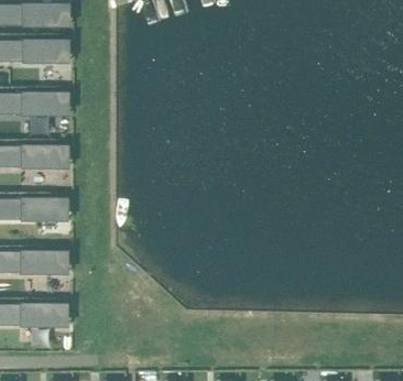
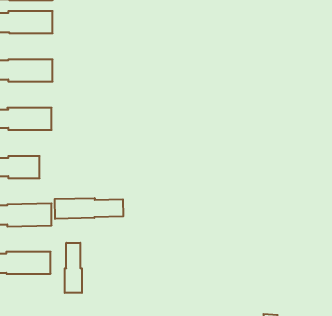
building: none -> [55,198,123,219]
building: none -> [65,243,82,293]

